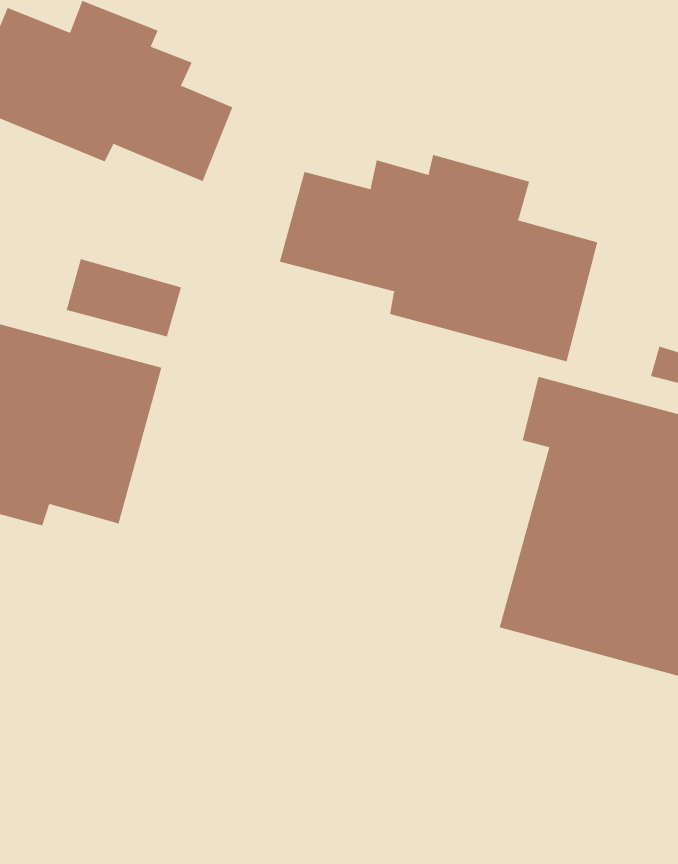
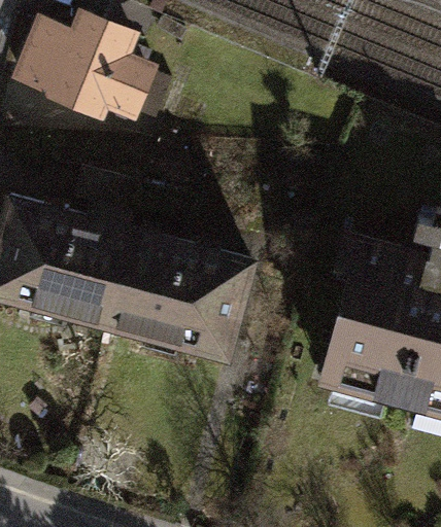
building: [279,154,598,362] -> none
building: none -> [104,236,248,358]

